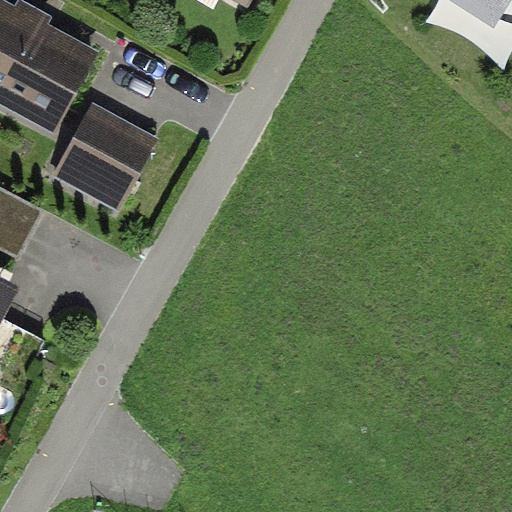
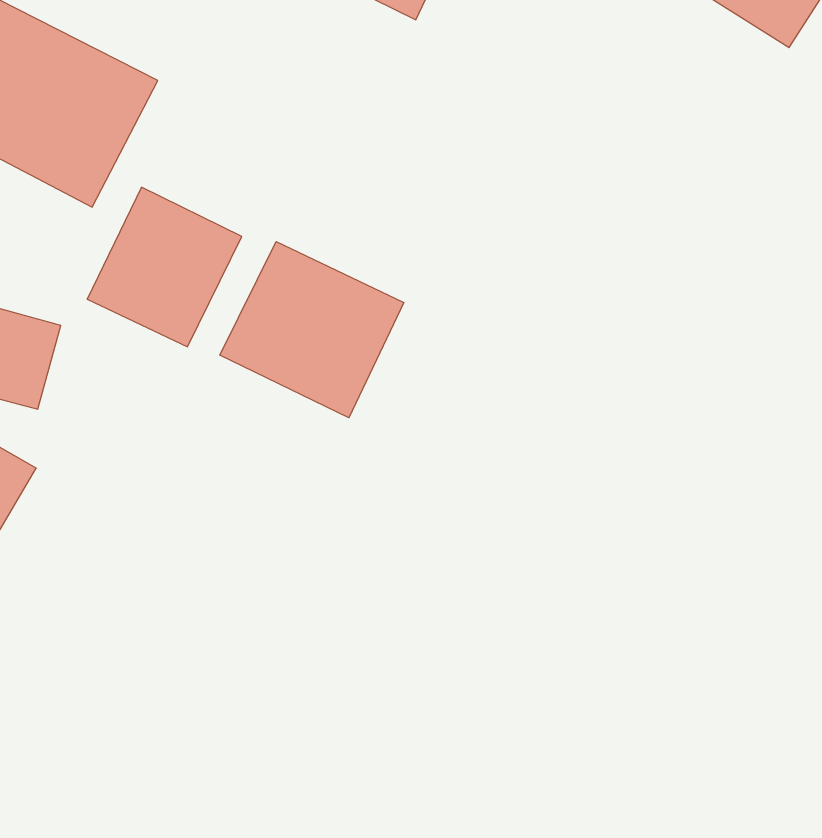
building: none -> [220,242,404,418]

